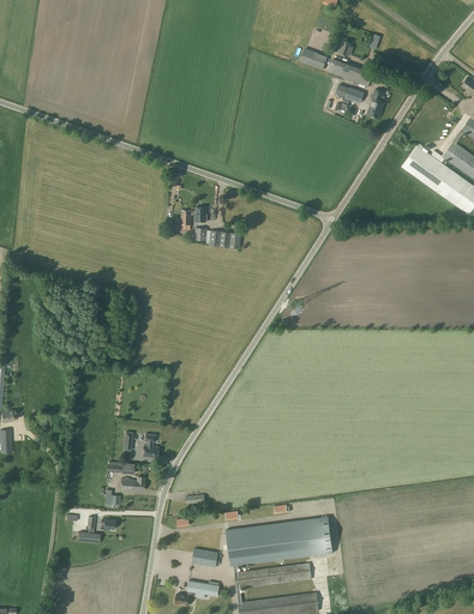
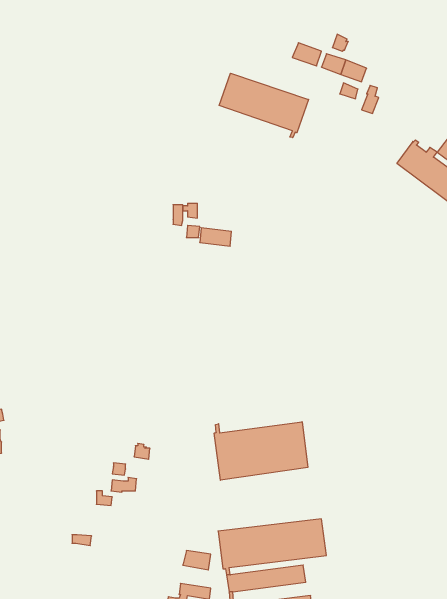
building: none -> [219,73,309,138]
building: none -> [214,422,308,480]

